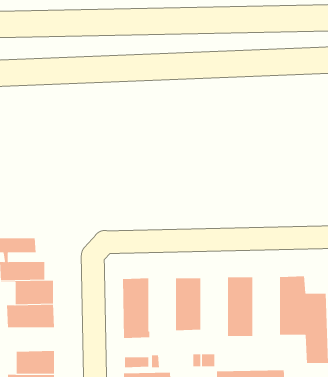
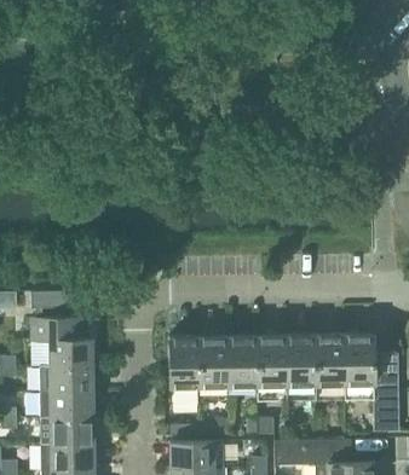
building: none -> [257,334,286,400]
building: none -> [315,334,344,400]
building: none -> [198,335,227,394]
building: none -> [40,390,93,417]

